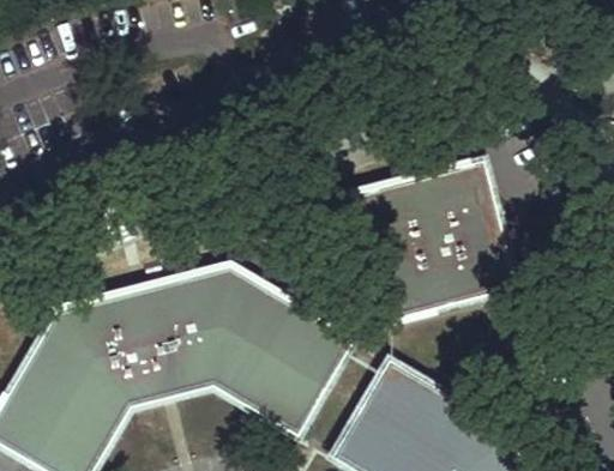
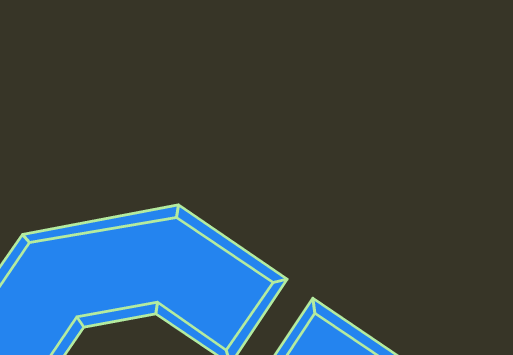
building: [357,165,508,315] -> none

